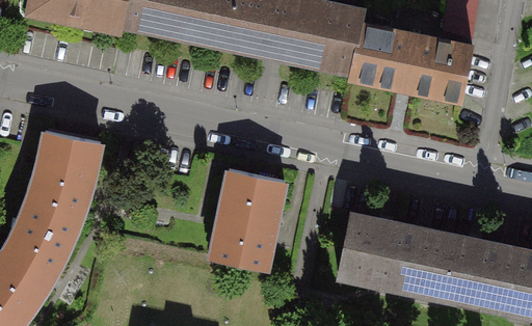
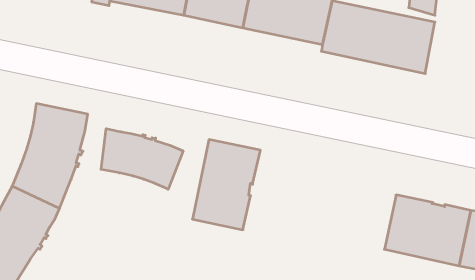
building: none -> [101,129,183,189]
building: [341,214,431,288] -> none

